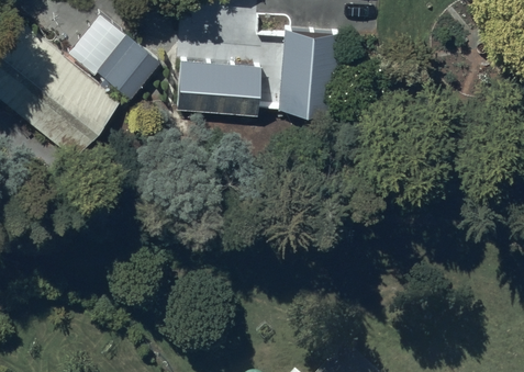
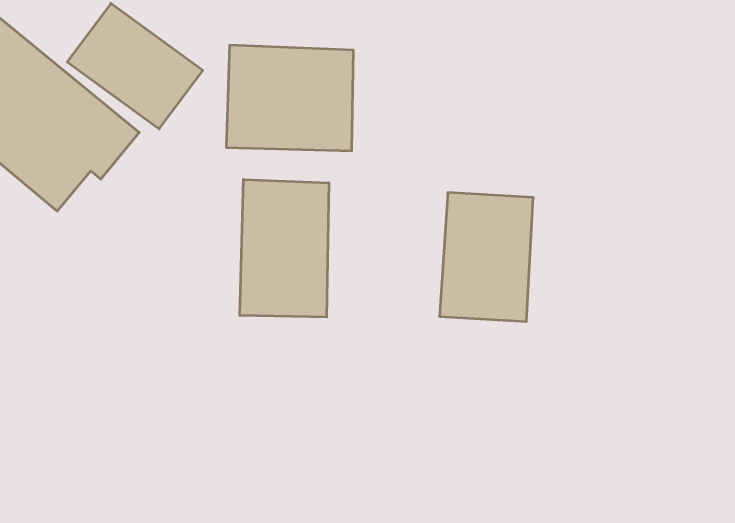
building: [277,29,338,113] -> [439,193,533,322]
building: none -> [240,179,329,317]

